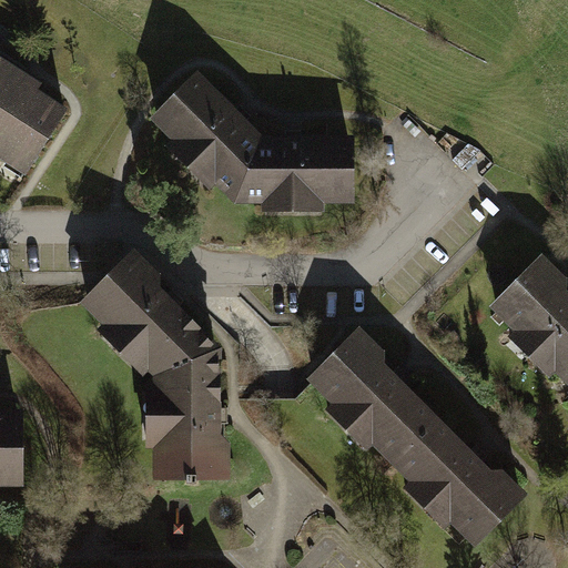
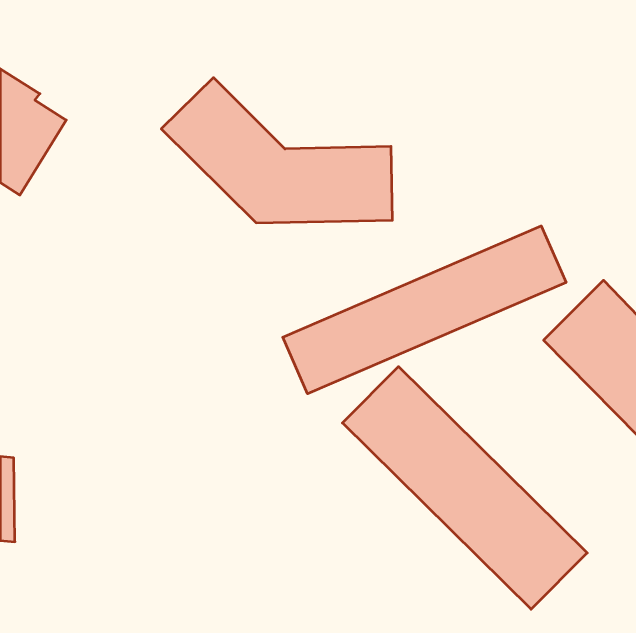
building: none -> [283,226,566,394]
building: [72,254,226,479] -> none

